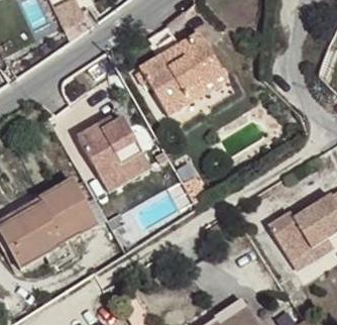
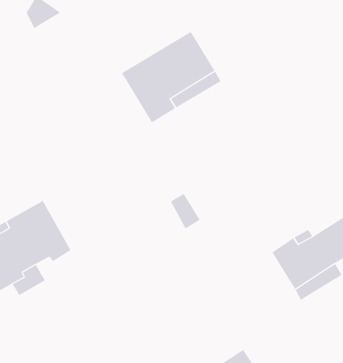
building: [82,109,156,189] -> none

